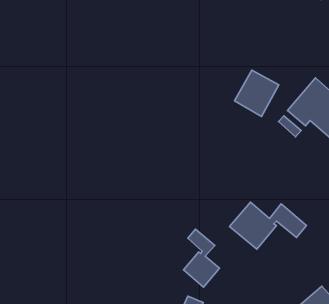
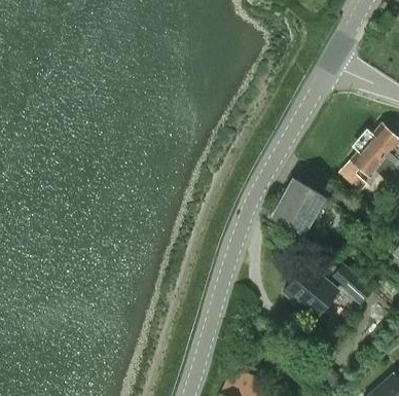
building: [235,70,279,116] -> [273,179,323,231]
building: [183,229,219,287] -> none

